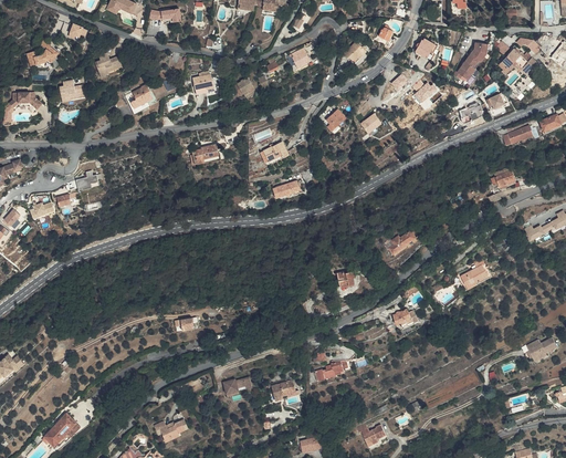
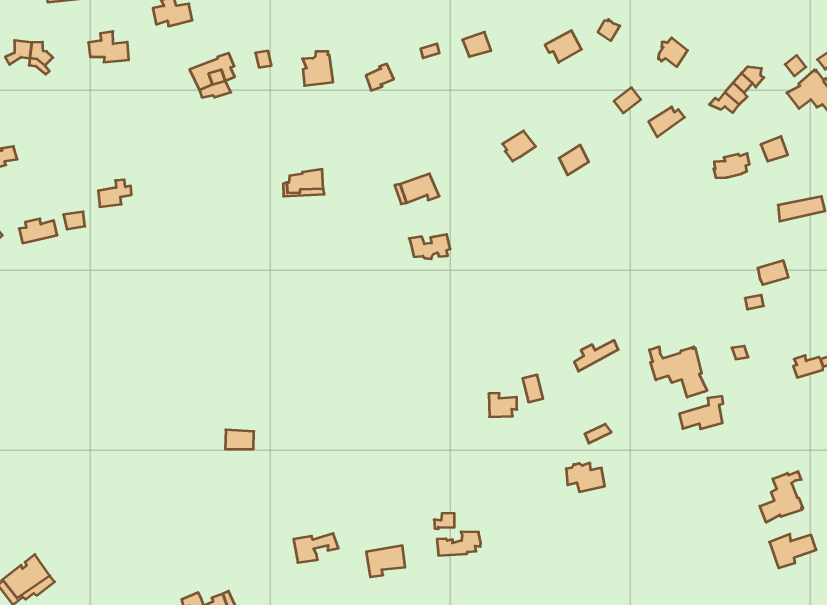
building: none -> [649,347,707,397]
building: none -> [760,471,803,522]

